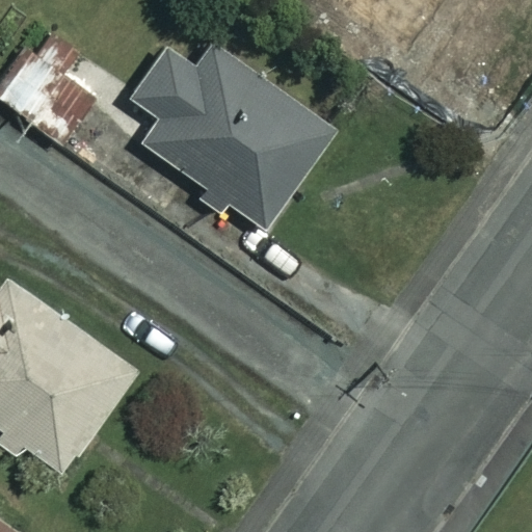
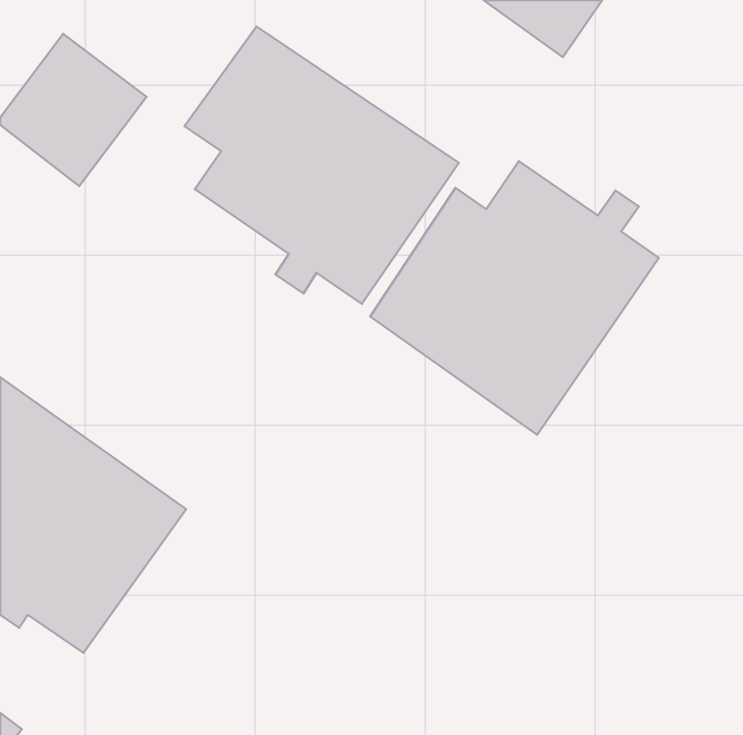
building: none -> [370,161,659,435]

